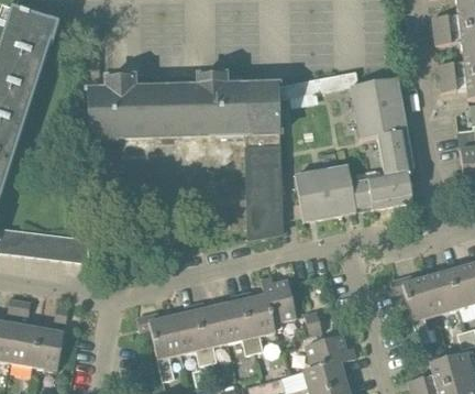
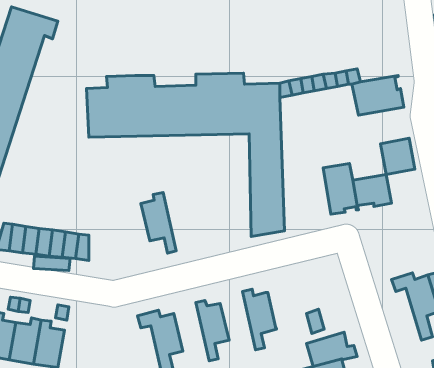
building: [357,109,408,145] -> none
building: [296,169,330,220] -> none
building: [385,172,413,205] -> none
building: [262,276,297,328] -> none
building: [220,293,255,353] -> none
building: [174,304,209,364] -> [141,192,176,253]

